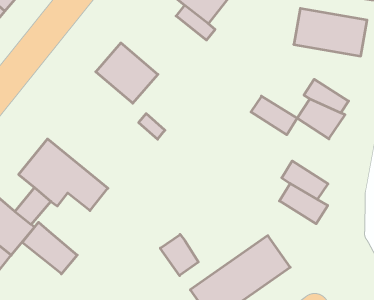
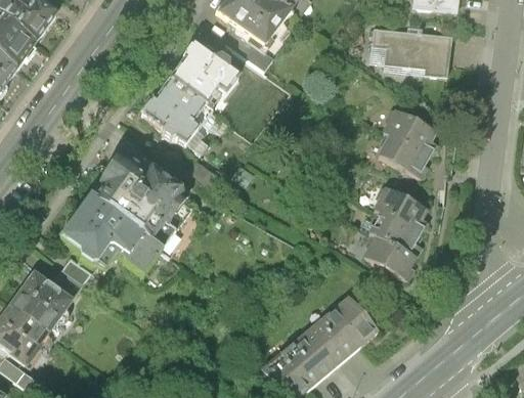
building: none -> [165,41,238,112]
building: [251,96,297,135] -> [376,185,431,229]
building: none -> [85,147,194,250]
building: [22,222,77,274] -> none
building: [160,234,198,276] -> none

